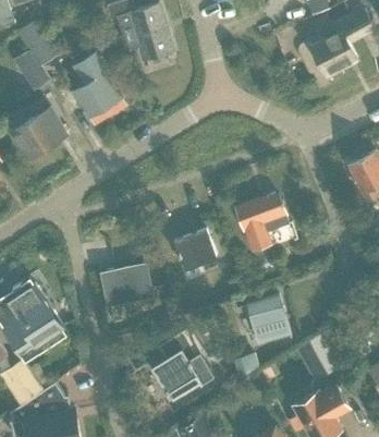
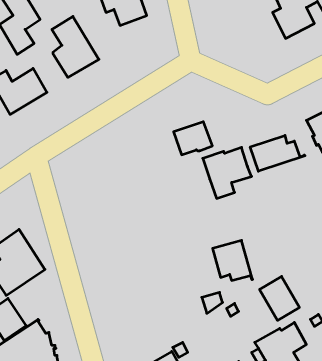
building: none -> [250,135,305,171]
building: [173,229,216,265] -> [174,122,212,155]
building: [101,263,150,305] -> none
building: [151,327,212,400] -> none

